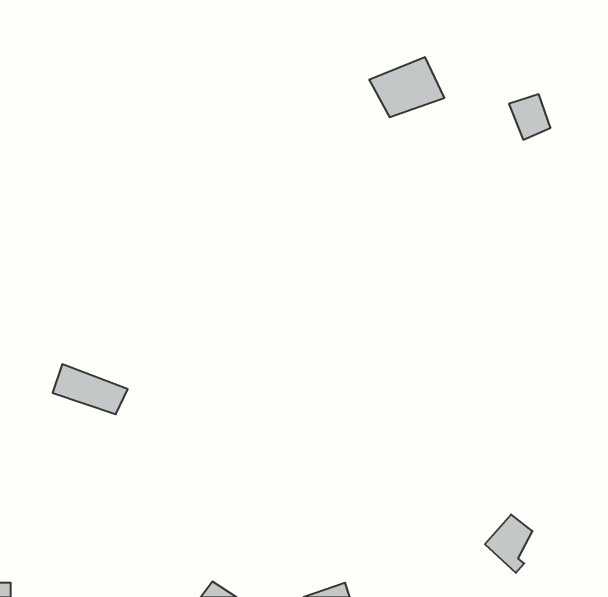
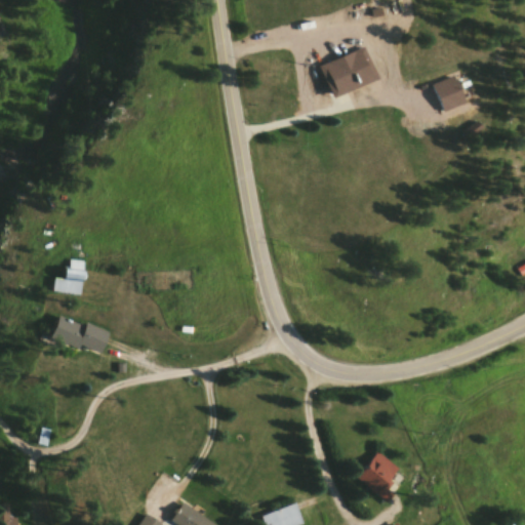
building: none -> [54,257,84,290]
building: [485,514,533,573] -> [357,450,398,500]

